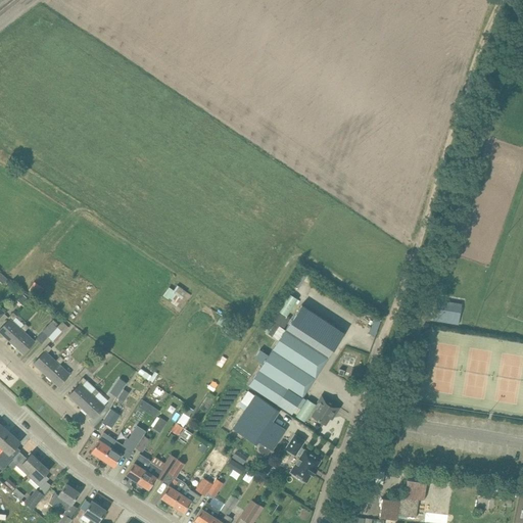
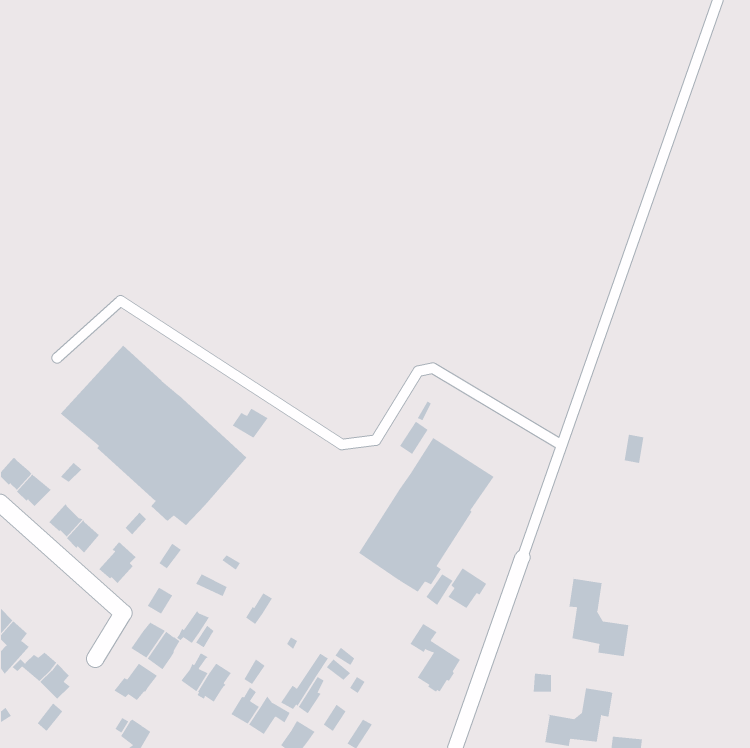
building: none -> [60,345,247,526]
building: [81,389,107,420] -> none
building: [232,393,285,456] -> none
building: none -> [569,576,631,657]
building: [49,484,80,511] -> [114,663,158,701]

